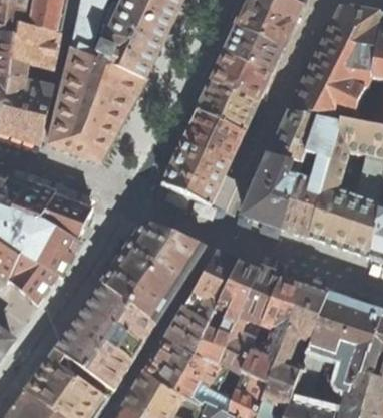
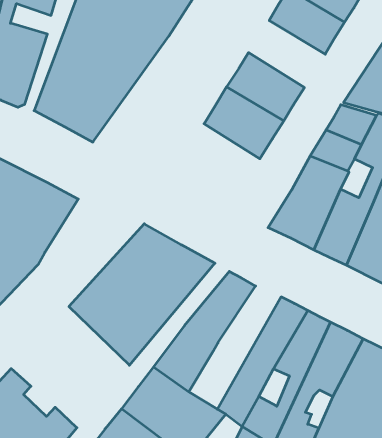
building: [210,53,270,102] -> none
building: [161,140,229,205] -> none
building: [196,262,259,363] -> none
building: [54,297,146,391] -> none

